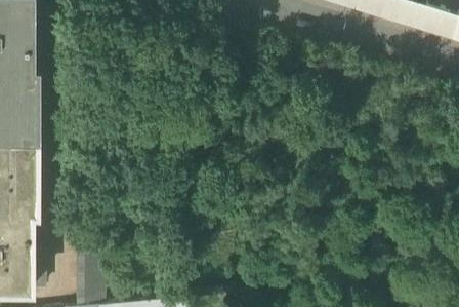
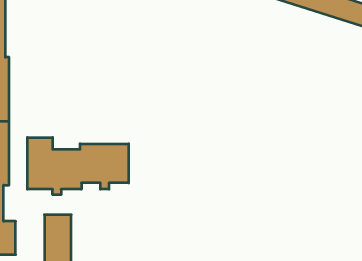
building: none -> [27,137,129,195]

